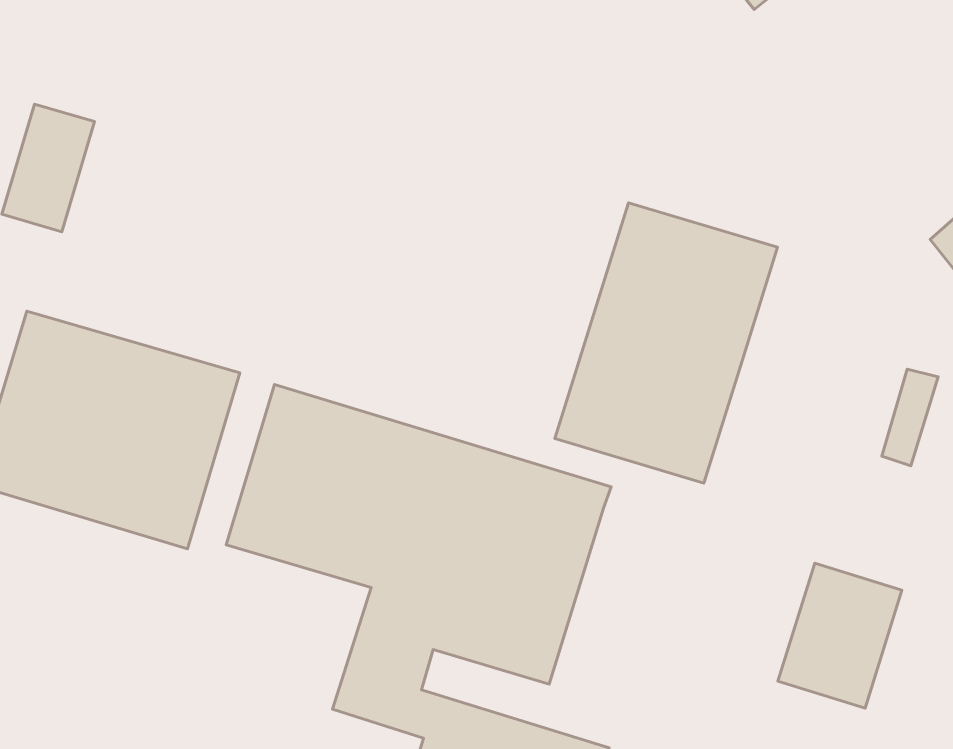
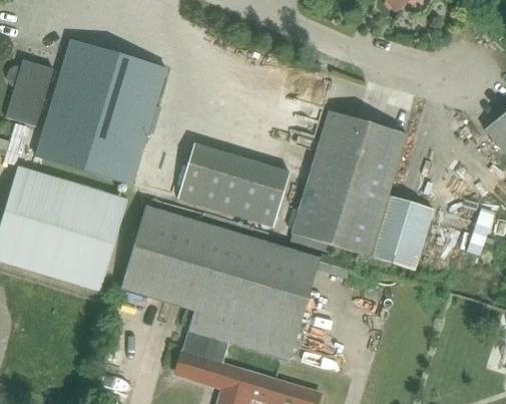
building: none -> [35,40,167,183]
building: none -> [177,143,291,227]
building: [778,563,902,708] -> [369,194,433,270]

